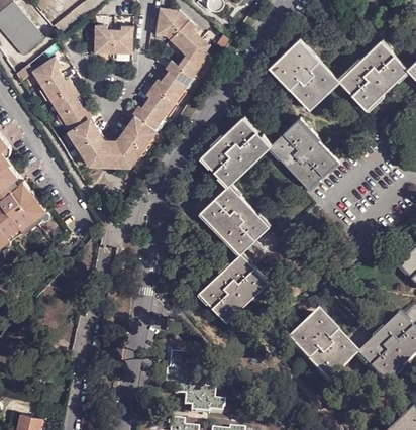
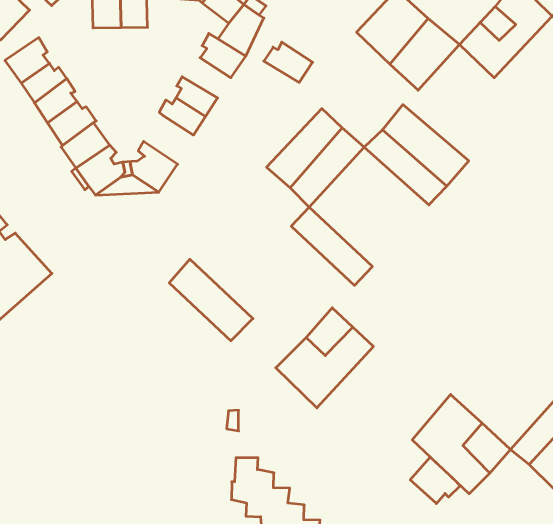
building: [149,77,183,105] -> [264,42,313,82]
building: [120,114,155,148] -> none
building: [202,196,257,253] -> [169,259,253,341]
building: none -> [410,457,460,504]

